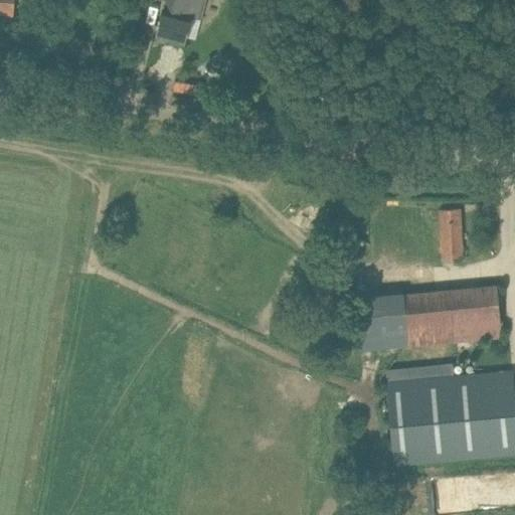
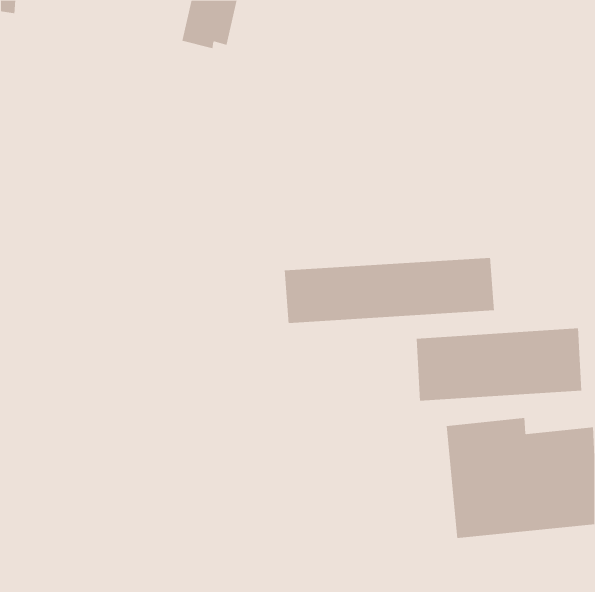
building: [440,209,463,259] -> none
building: none -> [284,257,495,324]

